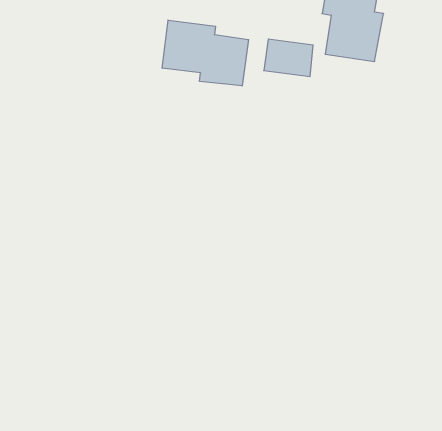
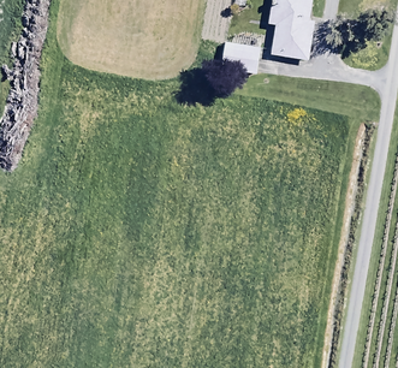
building: [162,20,249,86] -> none

